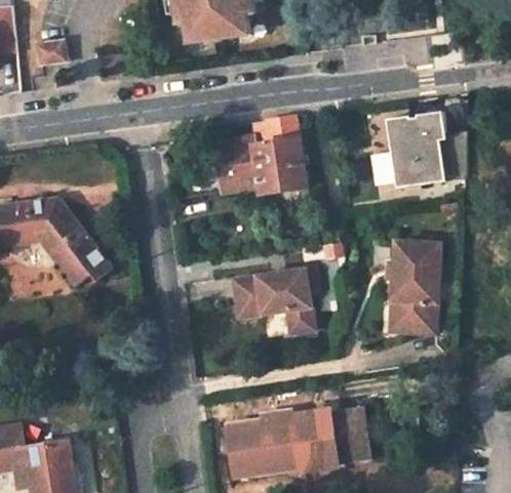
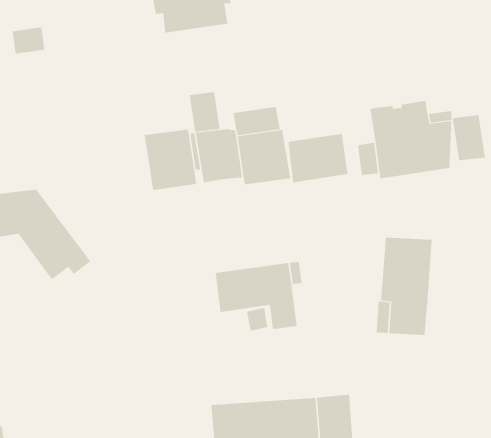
building: none -> [189,91,220,133]
building: none -> [452,114,485,161]
building: none -> [144,129,197,191]
building: none -> [288,133,348,183]

